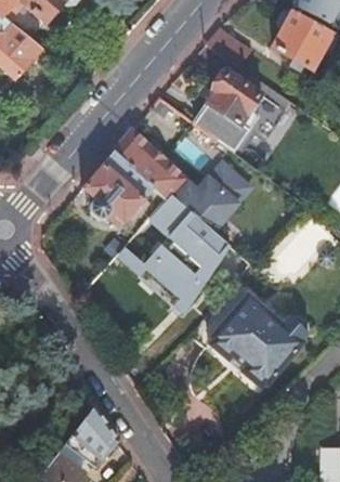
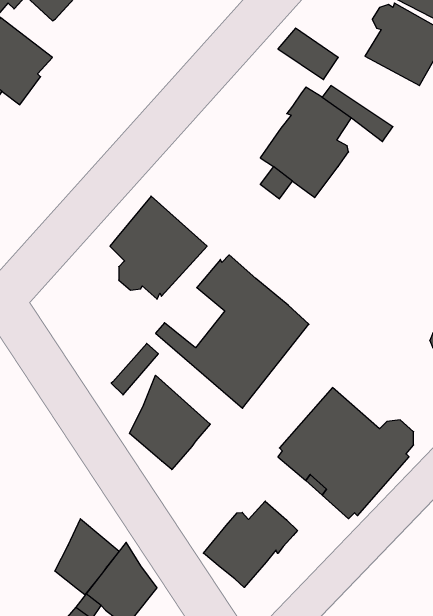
building: [115,131,251,232] -> none
building: none -> [130,375,210,470]
building: none -> [203,501,297,587]
building: none -> [55,519,119,595]

